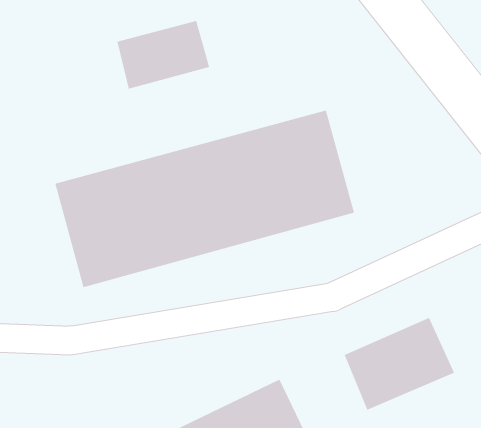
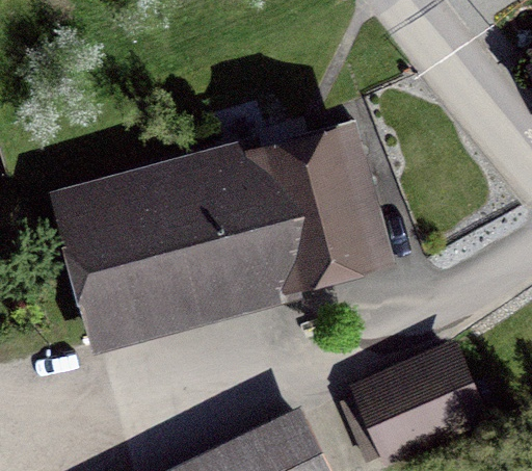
building: [117,20,210,90] -> none

